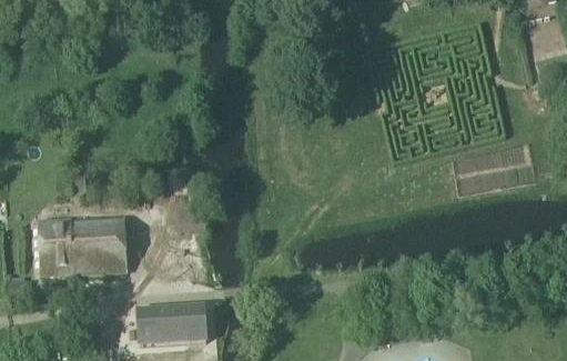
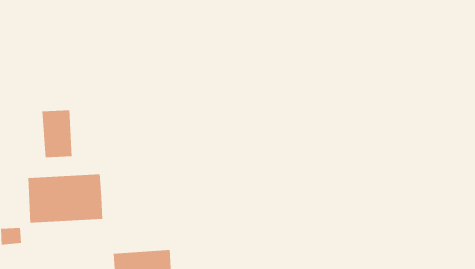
building: none -> [42,109,72,158]

